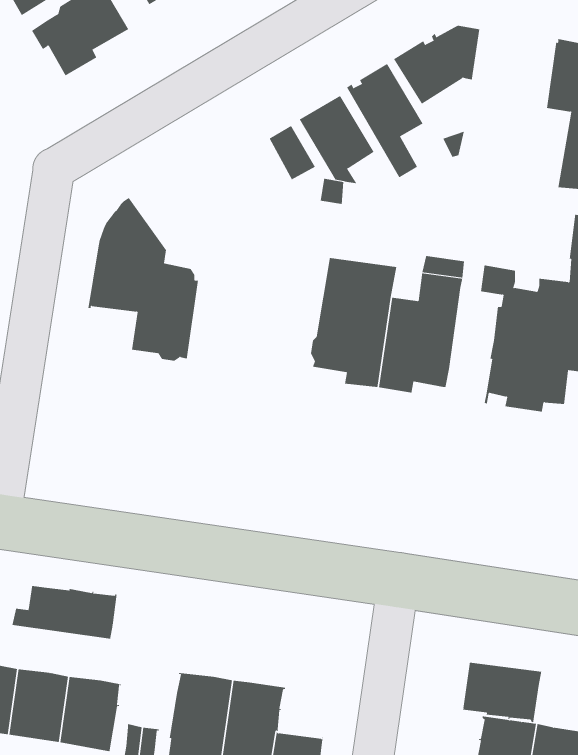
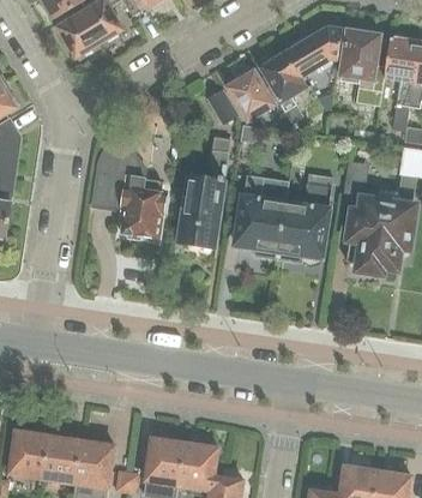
building: none -> [338,26,381,107]
building: none -> [180,137,229,247]
building: [12,585,117,639] -> none
building: [462,662,542,723] -> none

